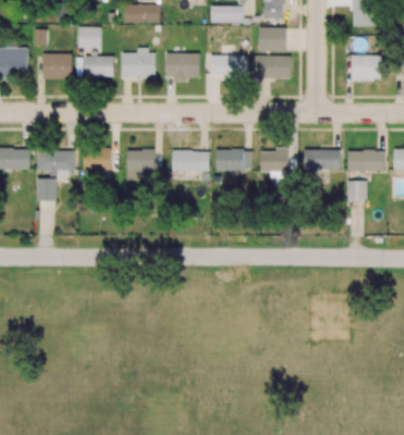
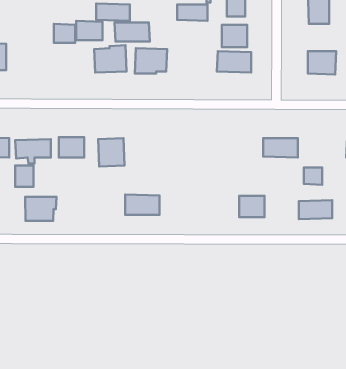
building: [41,53,72,78] -> none
building: [85,55,113,76] -> [76,21,102,40]
building: [209,55,247,76] -> [114,22,150,42]
building: [216,149,252,170] -> none
building: [260,149,287,172] -> [239,196,265,217]
building: [171,150,208,172] -> [125,194,159,215]
building: [347,150,383,171] -> [299,200,332,219]
building: none -> [25,197,56,221]

